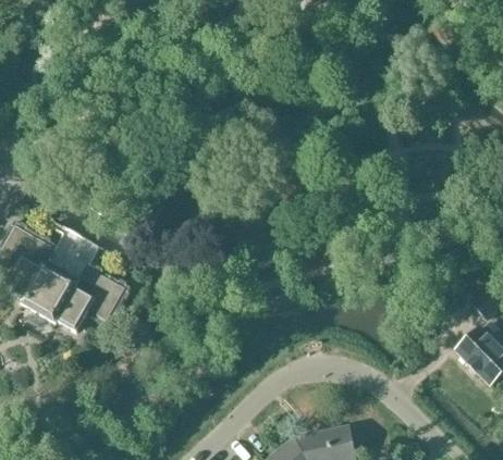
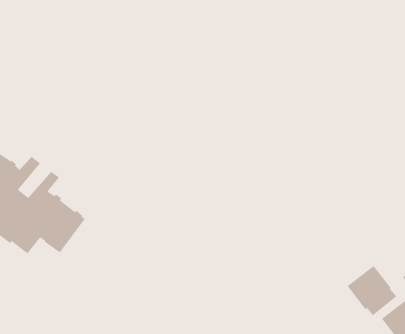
building: none -> [347,265,397,316]

